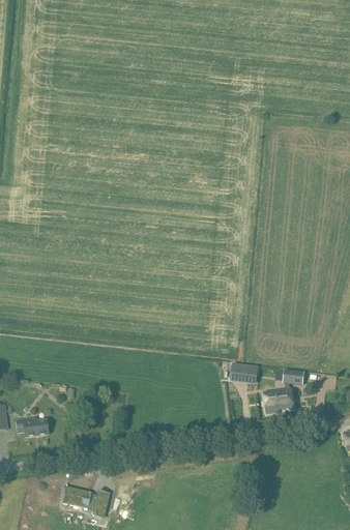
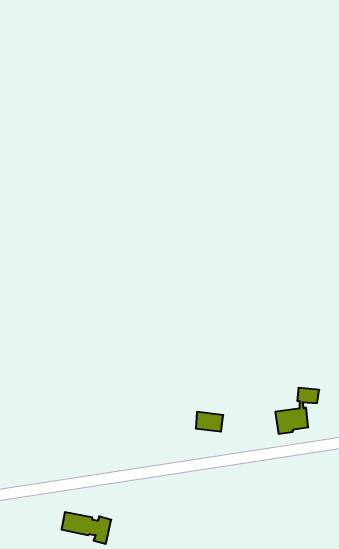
building: [232,363,258,382] -> [196,412,223,432]
building: [16,418,48,437] -> none

